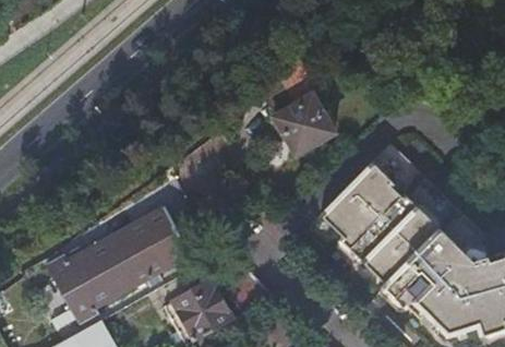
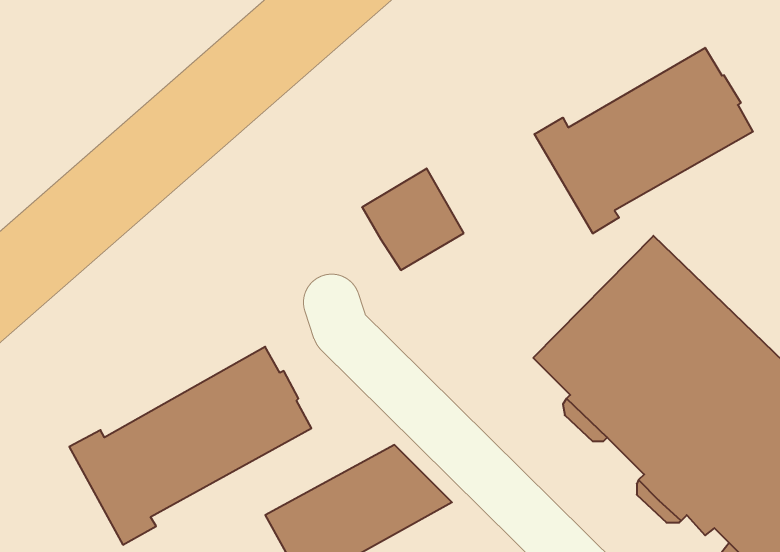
building: none -> [534,48,753,234]
building: [274,93,334,153] -> [362,168,464,270]

